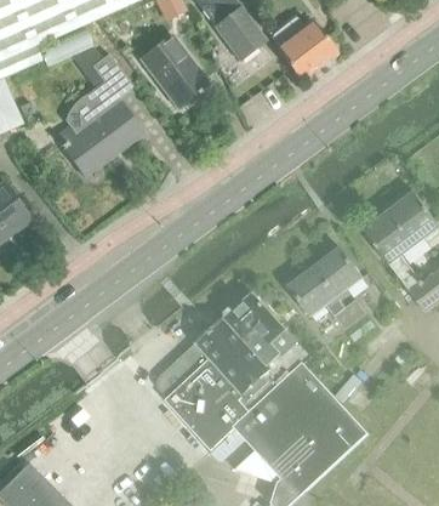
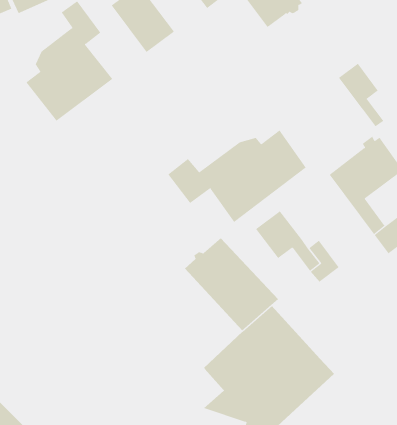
building: none -> [338,63,384,127]
building: none -> [167,130,307,223]
building: [314,246,363,296] -> none
building: [158,325,275,459] -> none

